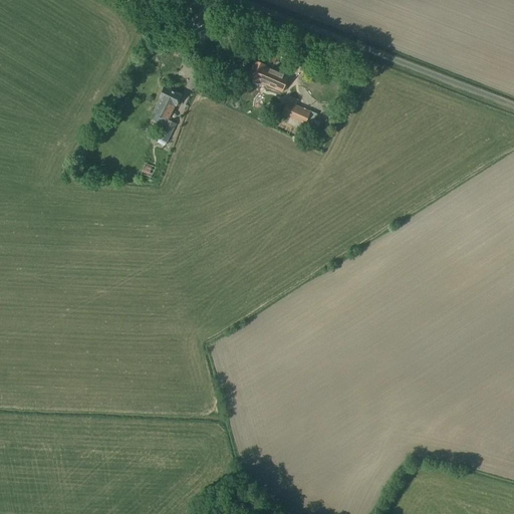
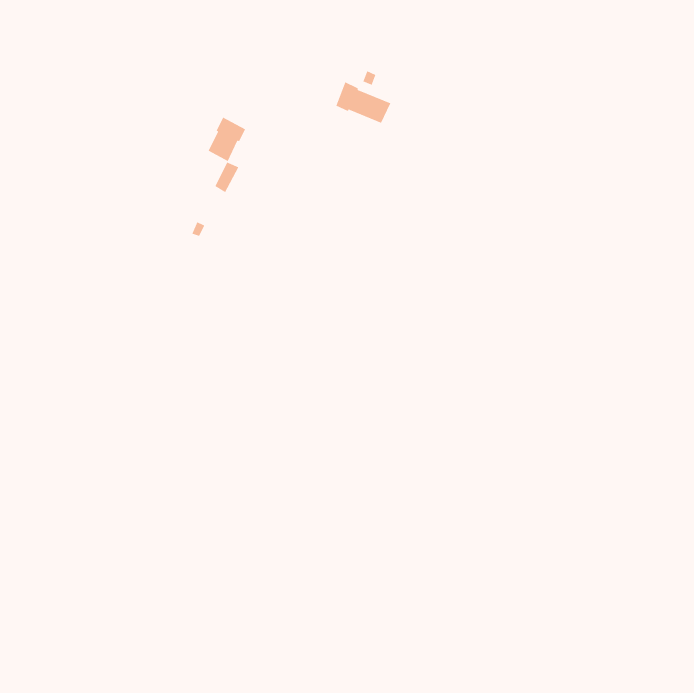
building: [281,95,316,127] -> none

